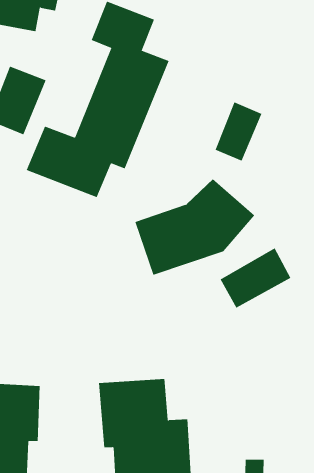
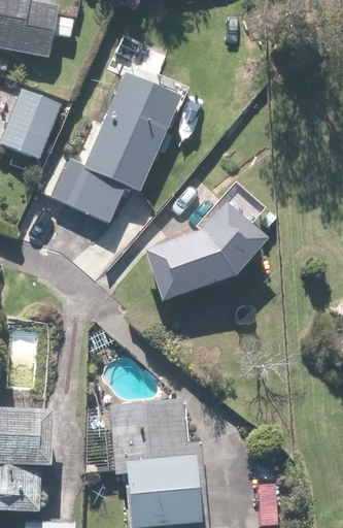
building: [215,102,262,161] -> none
building: [220,248,291,309] -> none

